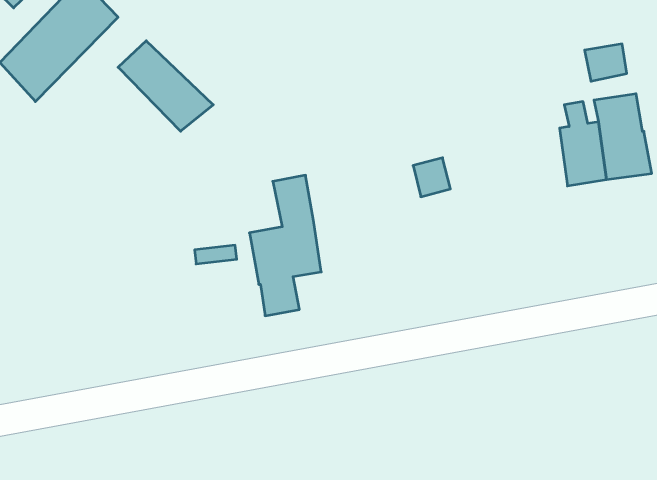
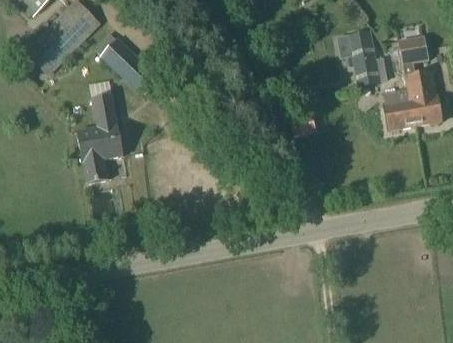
building: none -> [347,30,380,86]
building: [249,175,321,316] -> [76,93,122,183]

